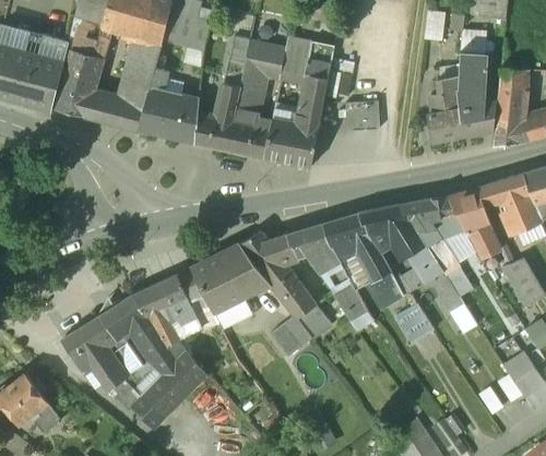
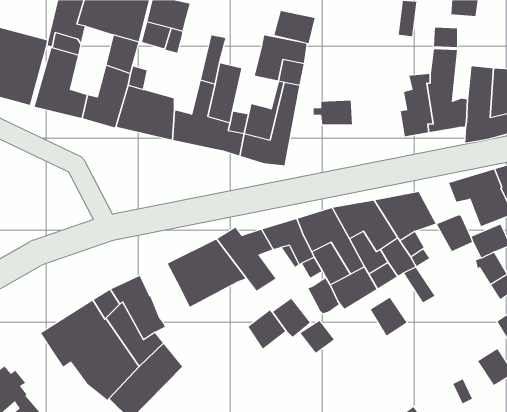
building: [244,40,286,74] -> [274,10,315,44]
building: [447,188,488,229] -> none
building: [163,274,203,328] -> none
building: [281,285,317,319] -> [299,320,335,353]

